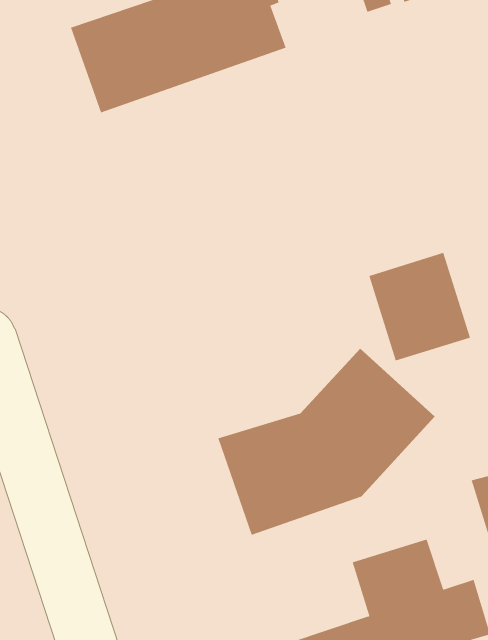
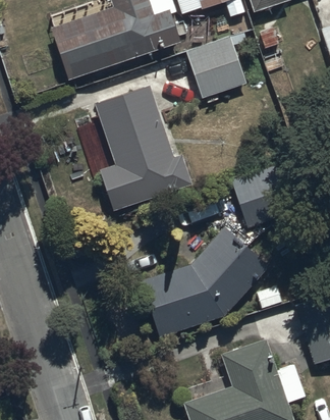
building: none -> [186,33,249,98]
building: none -> [95,83,195,212]

